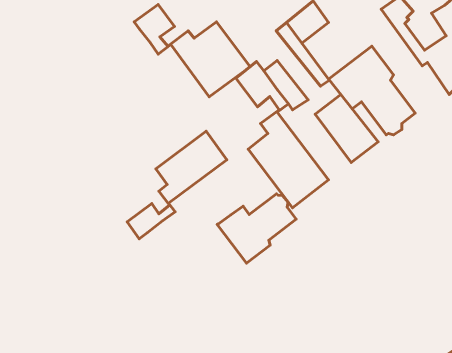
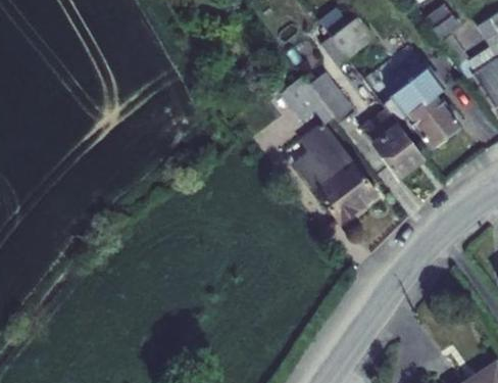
building: [134,5,250,97] -> none
building: [127,131,227,239] -> none
building: [217,194,296,263] -> none

